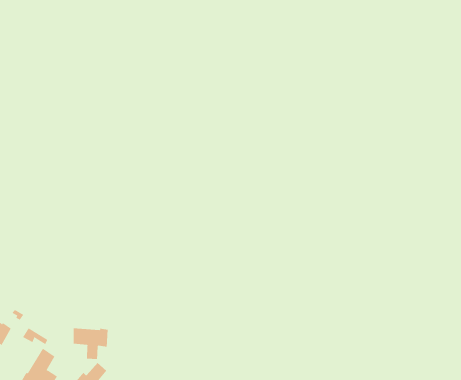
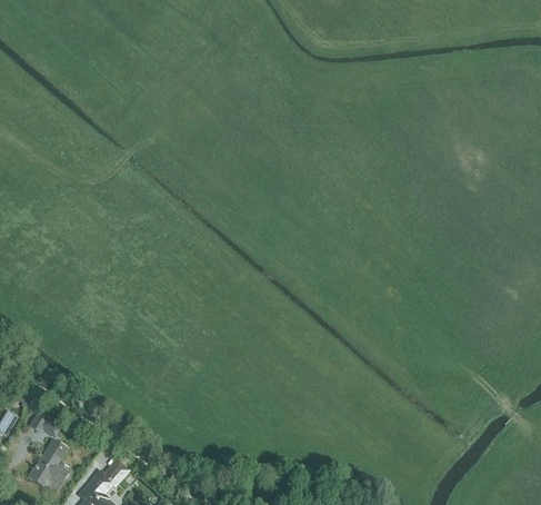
building: [73,327,108,360] -> none

